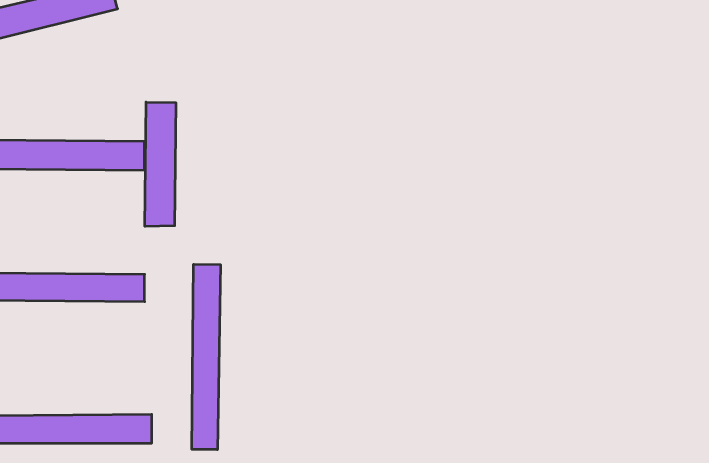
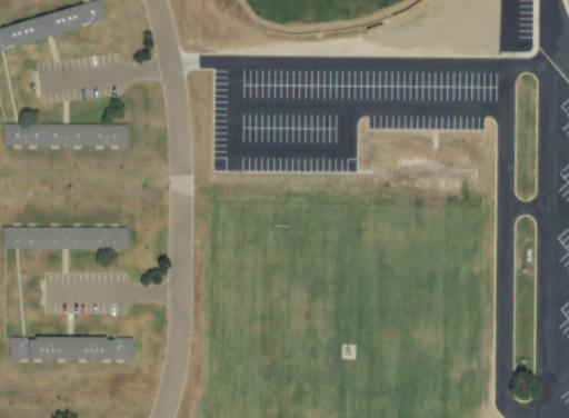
building: [145,102,176,226] -> none
building: [192,264,220,450] -> none

